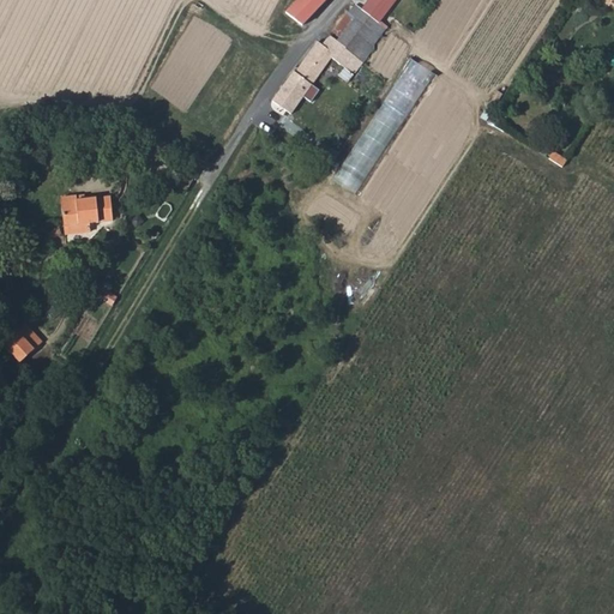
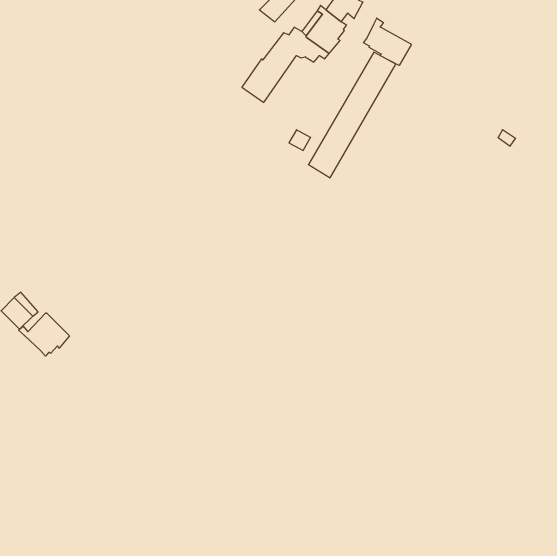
building: none -> [364,18,411,65]
building: [56,195,106,234] -> none
building: none -> [19,313,69,356]

